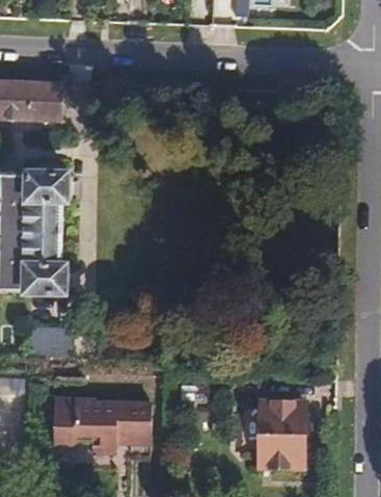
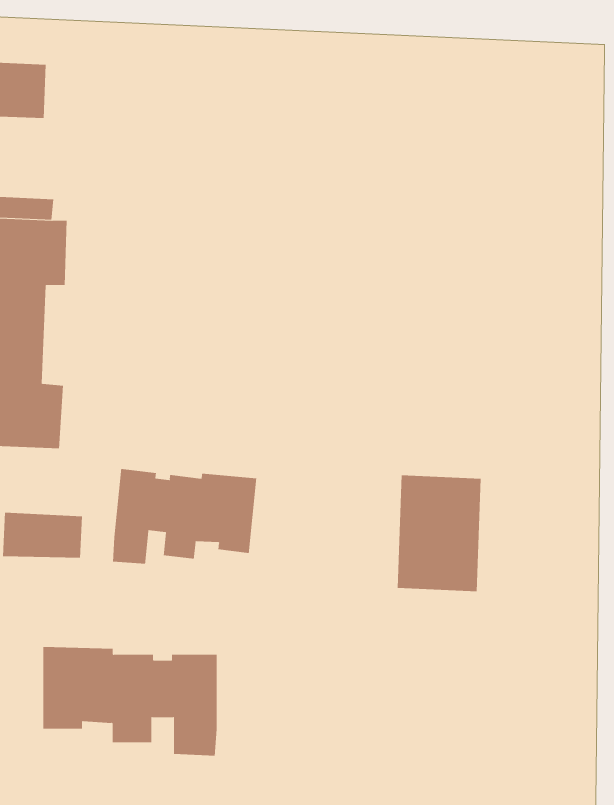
building: none -> [113,468,257,564]
building: [260,406,305,469] -> [397,475,481,592]

